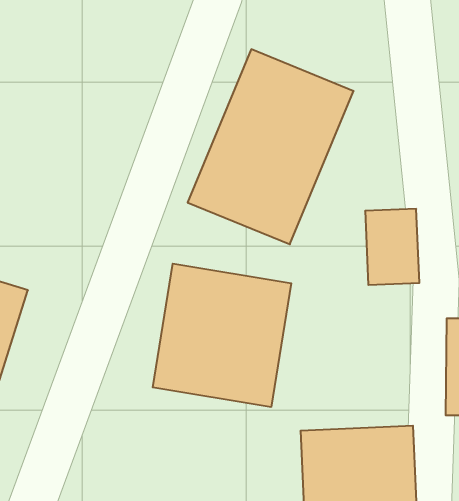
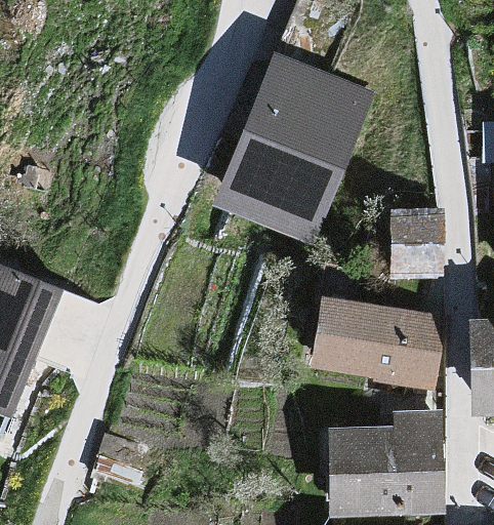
building: [153,264,291,407] -> none
building: none -> [311,294,443,391]

